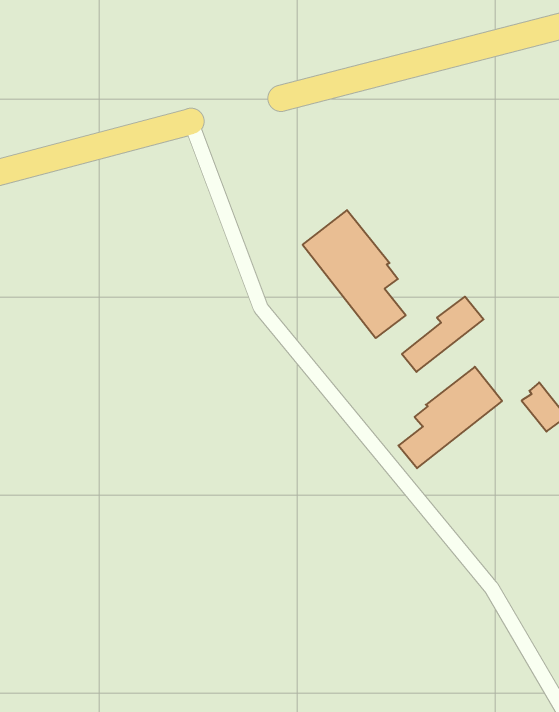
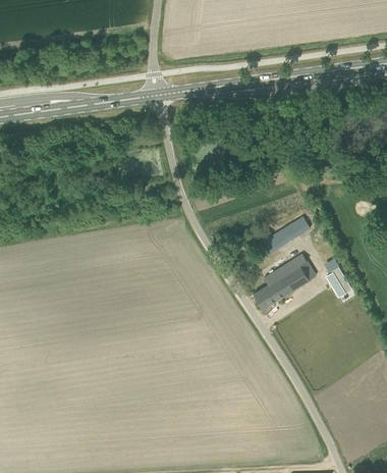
building: [303,210,406,338] -> none

